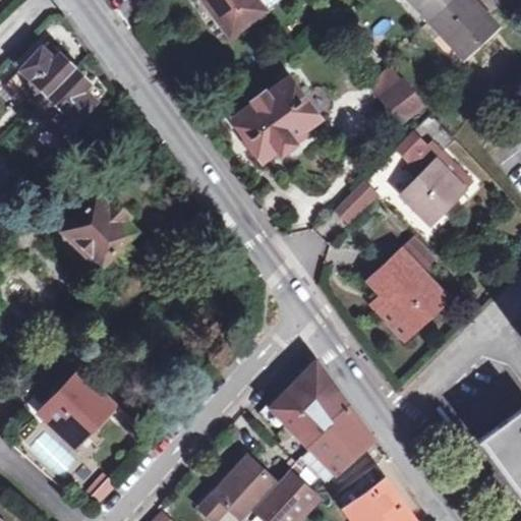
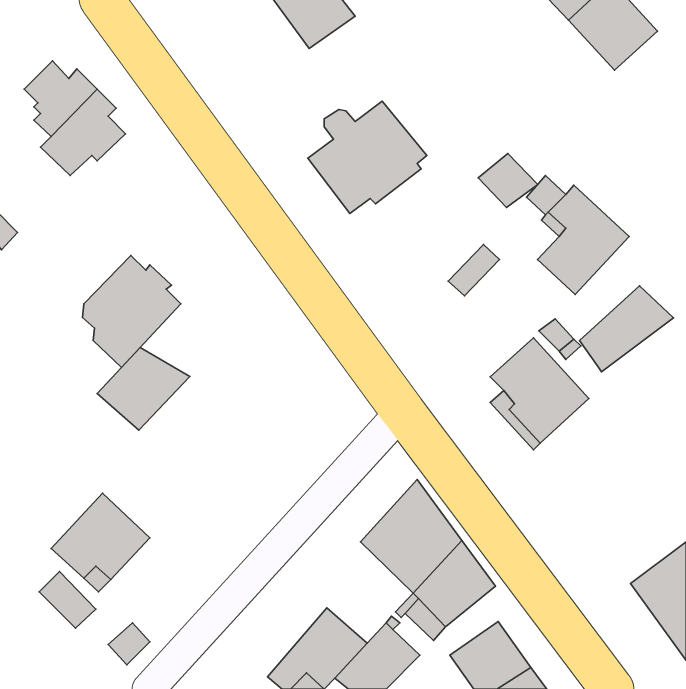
building: [379,81,423,122] -> [478,154,538,208]
building: none -> [580,286,673,372]
building: none -> [97,347,190,430]

